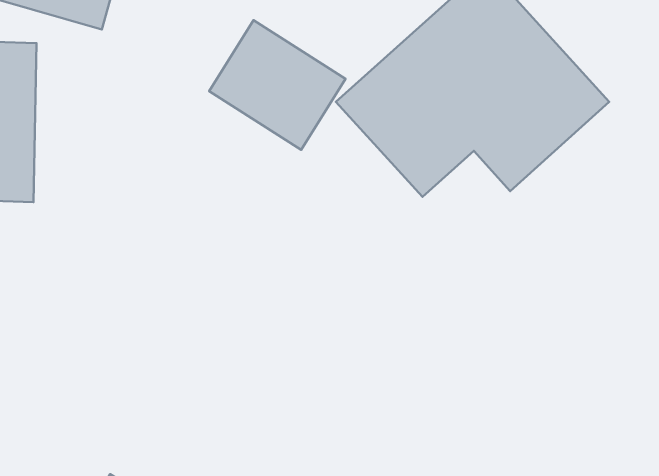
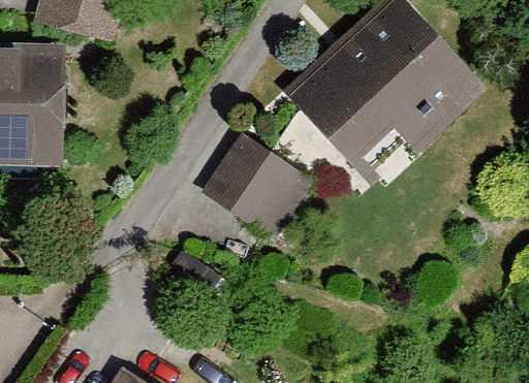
building: [209,20,346,150] -> [204,139,305,235]

